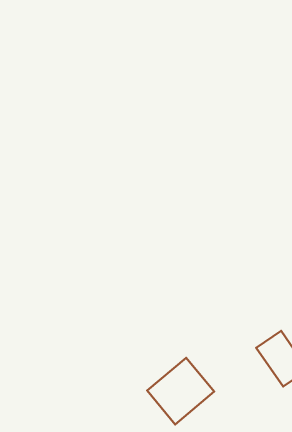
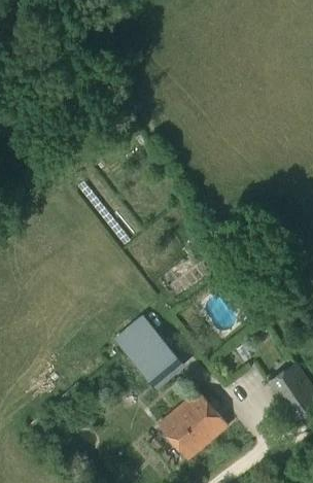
building: none -> [120,323,179,383]

